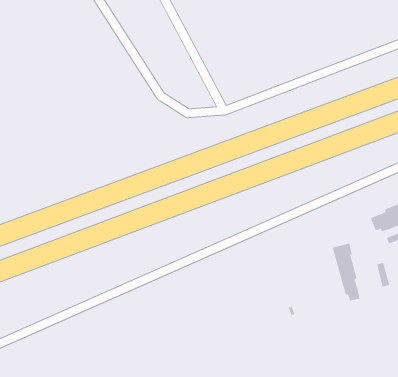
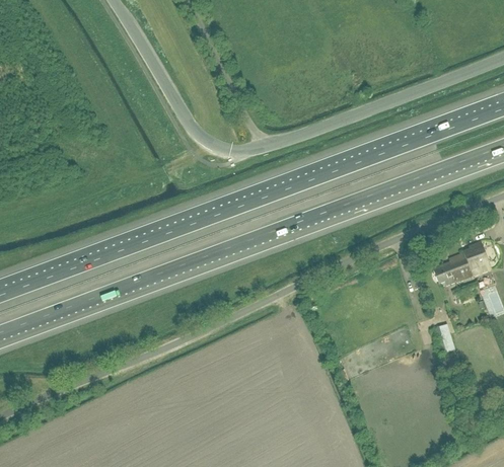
building: [332,242,360,302] -> none

